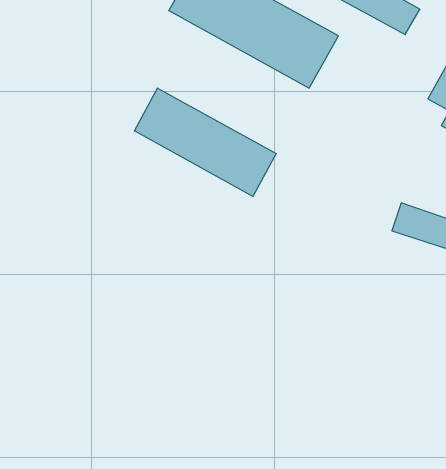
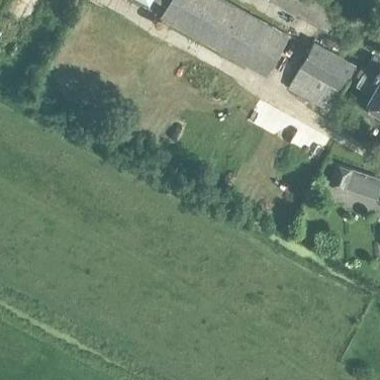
building: none -> [289,43,357,116]
building: [134,88,276,196] -> none

